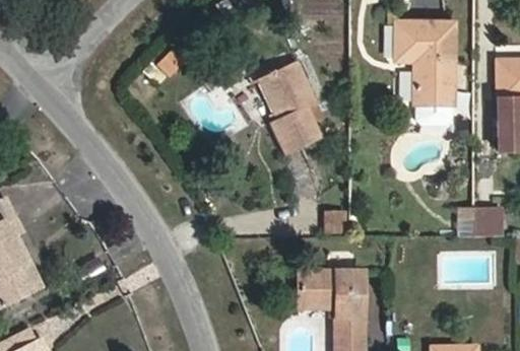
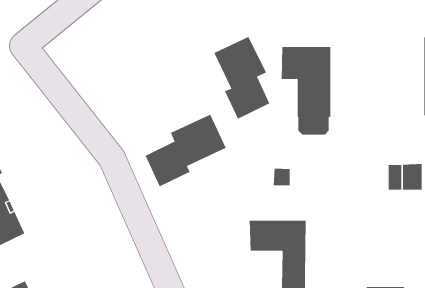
building: [396,23,454,125] -> [281,47,331,135]
building: none -> [145,114,227,187]

